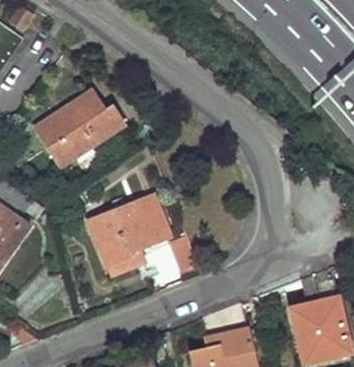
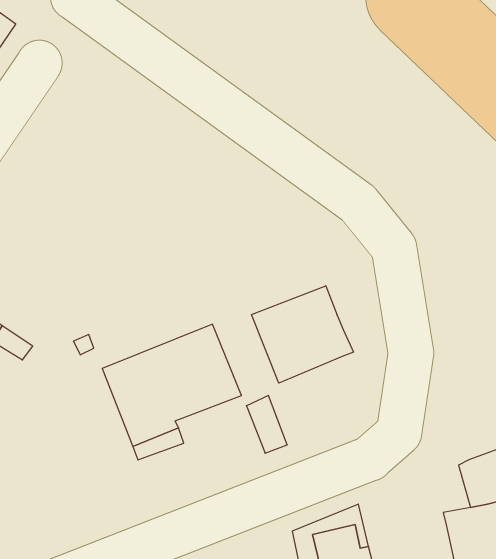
building: [34,92,123,166] -> none
building: none -> [251,286,354,383]

